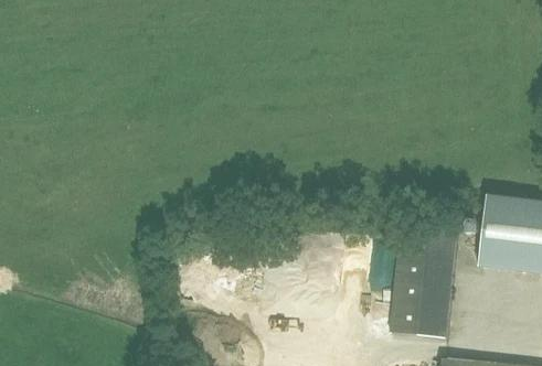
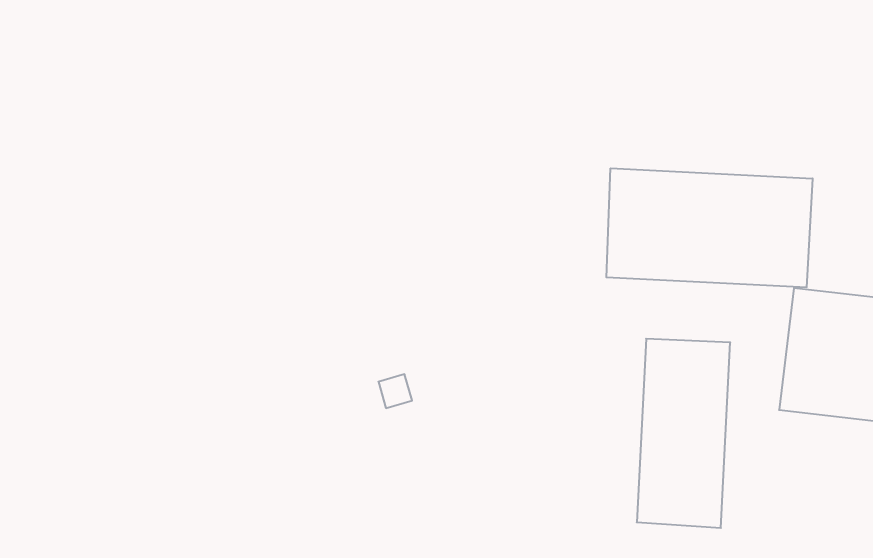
building: none -> [606,168,813,287]

